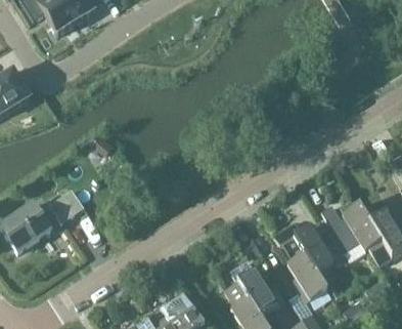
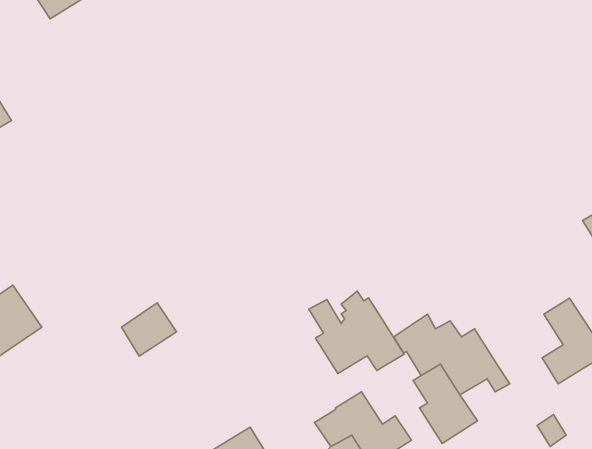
building: [50,190,85,223] -> [122,303,176,356]
building: [322,201,383,253] -> [309,291,404,374]

